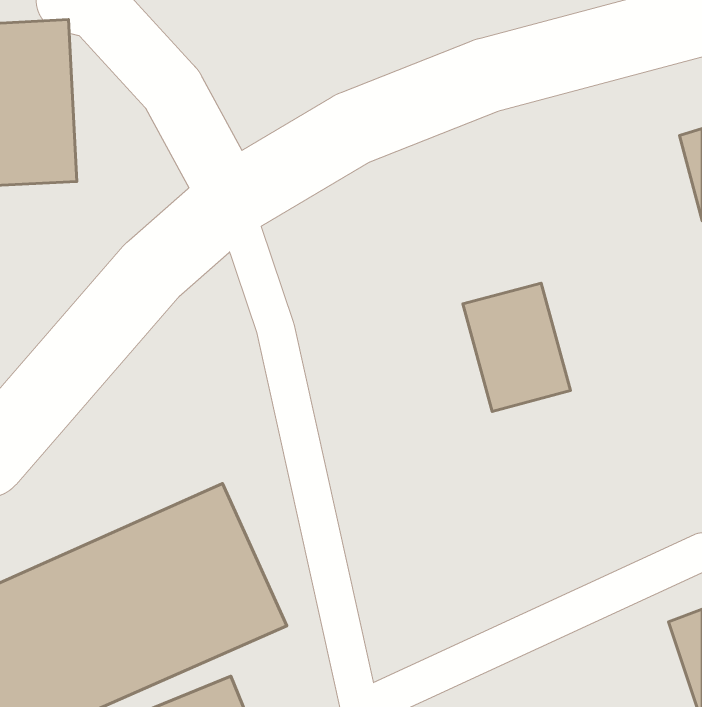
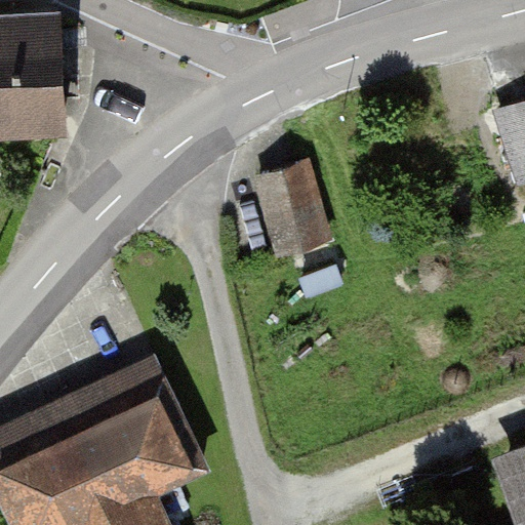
building: [463,283,571,412] -> [254,162,333,256]

